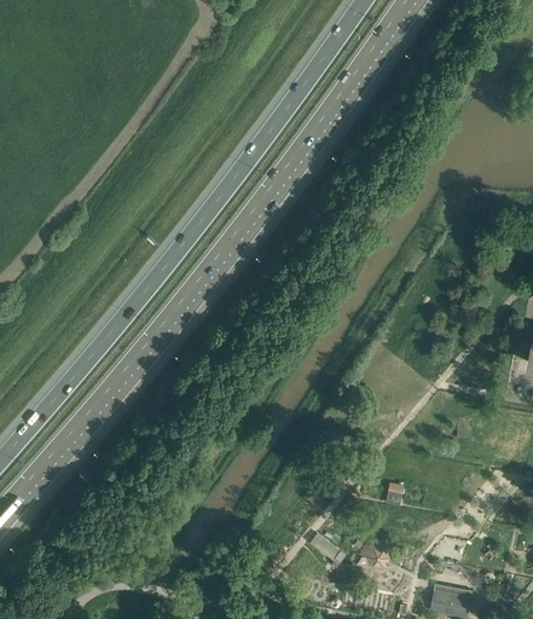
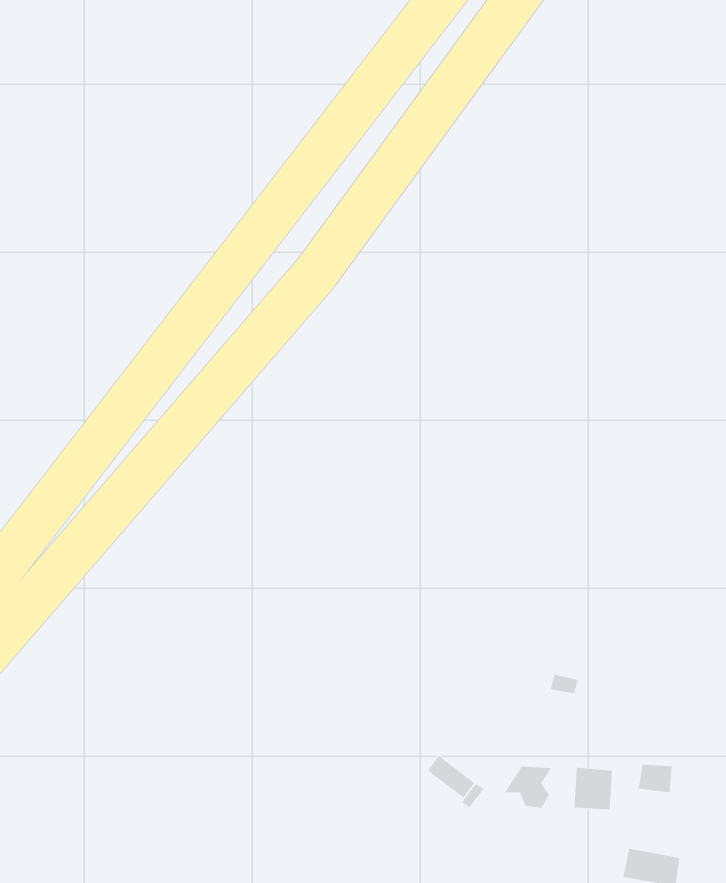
building: none -> [574,767,613,810]

